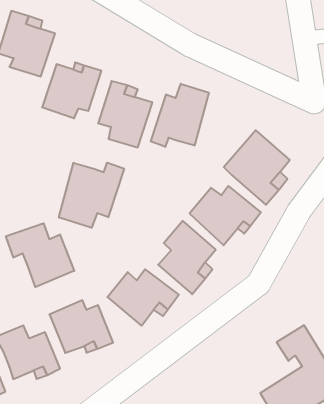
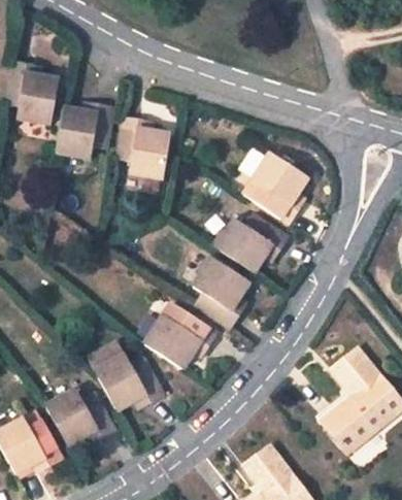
building: [151,84,209,147] -> none
building: [59,163,124,228] -> none
building: [6,223,74,287] -> none

